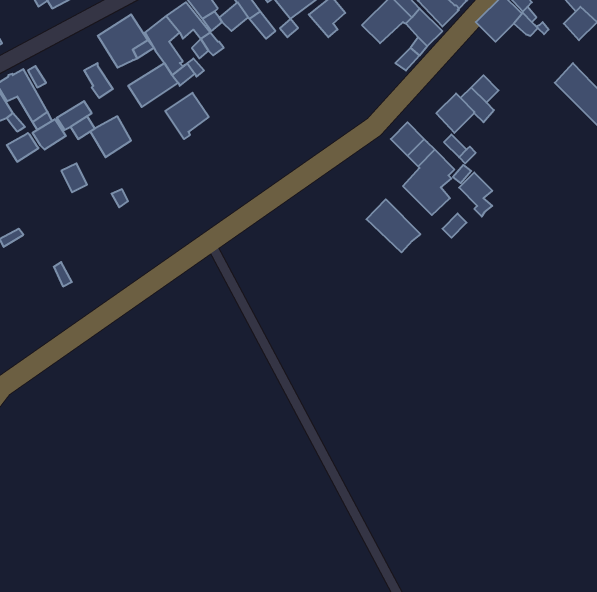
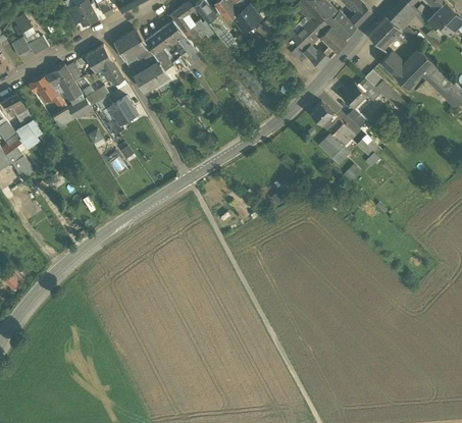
building: none -> [85,45,113,71]
building: none -> [379,49,432,89]
building: [165,93,209,139] -> none
building: [366,199,420,252] -> none

